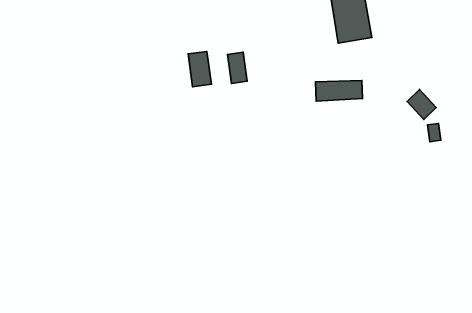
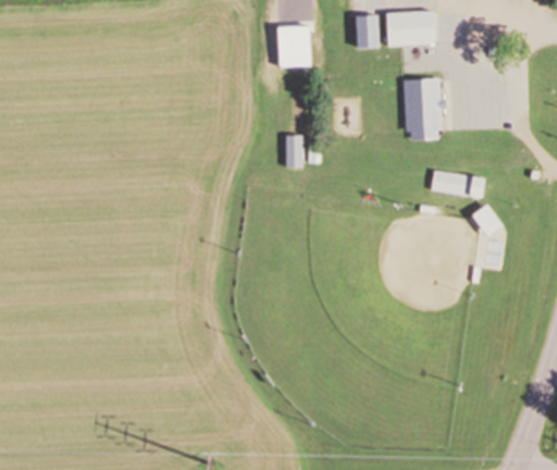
building: [188,51,211,87] -> none
building: [316,80,362,101] -> [432,171,484,196]

